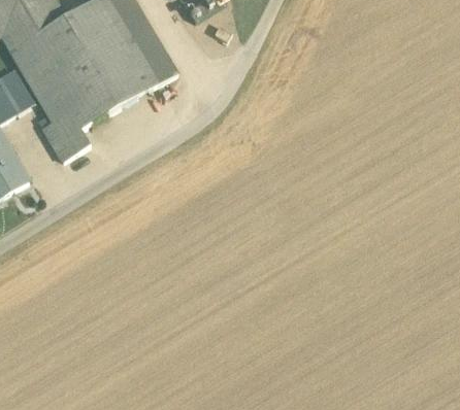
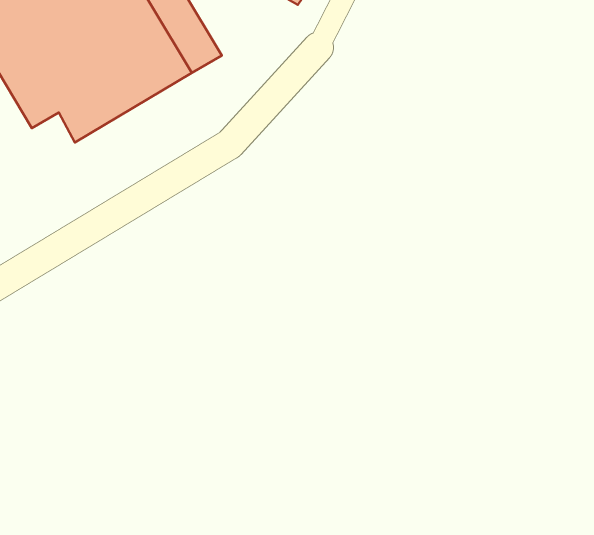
building: [41,110,89,161] -> none

